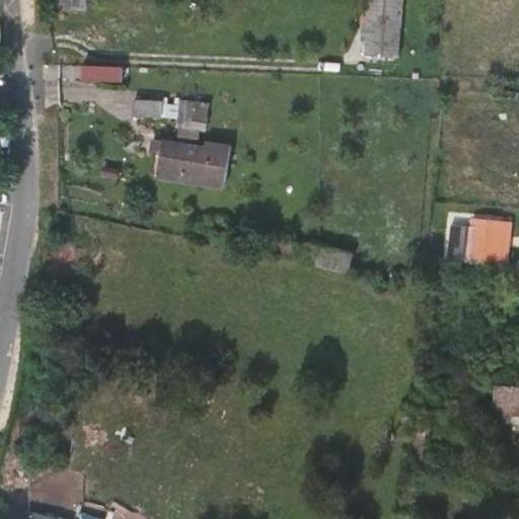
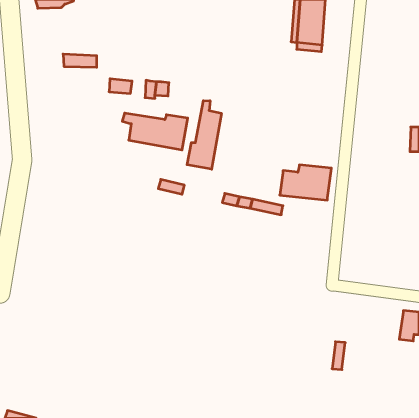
building: none -> [187,101,221,169]
building: [441,217,505,261] -> [280,165,331,200]

